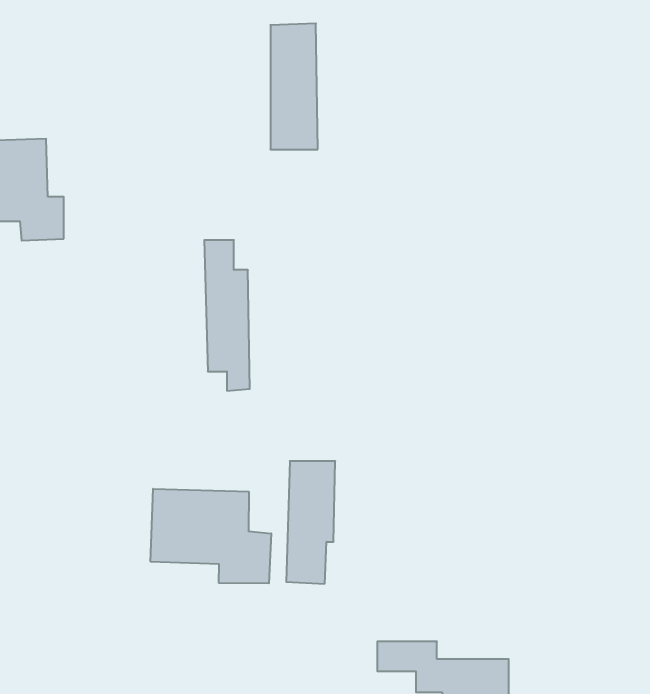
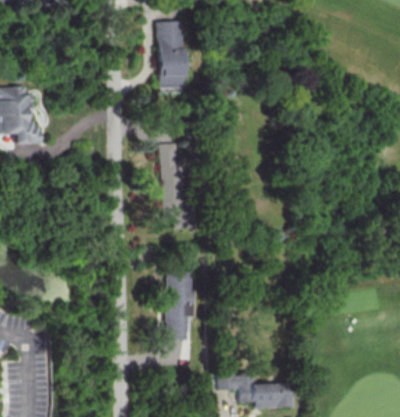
building: [204,240,250,391] -> [161,143,187,229]
building: [151,489,271,583] -> none

